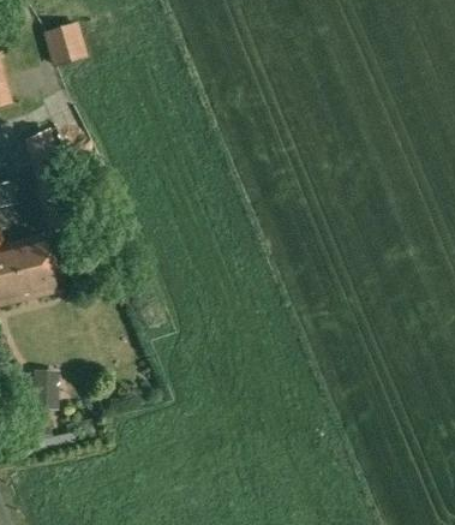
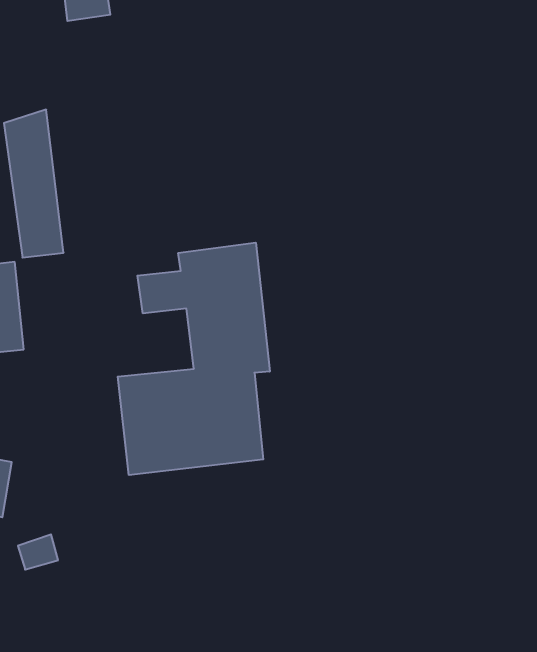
building: none -> [118,243,270,475]

